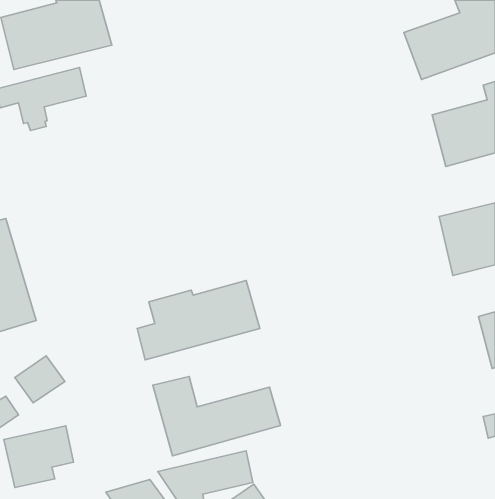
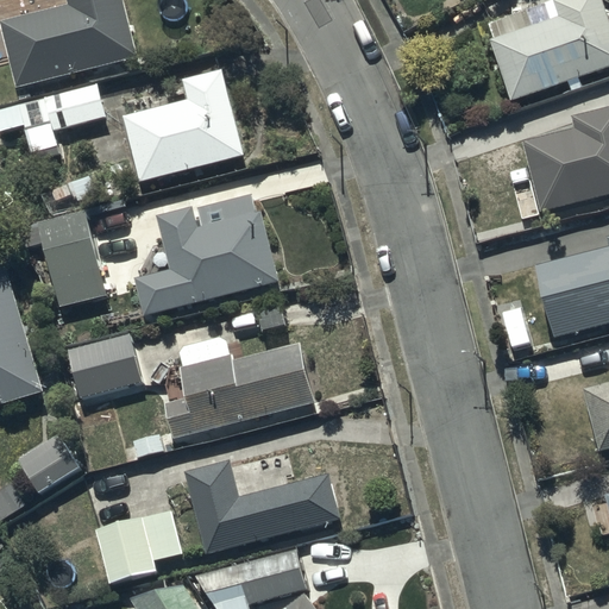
building: none -> [124,71,243,182]
building: none -> [137,197,278,313]
building: none -> [38,209,108,308]
building: none -> [67,332,142,401]
building: [4,426,74,488] -> [95,510,180,585]

